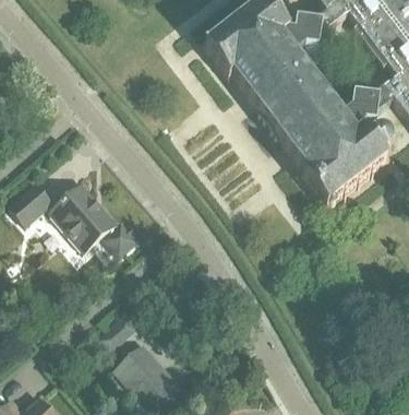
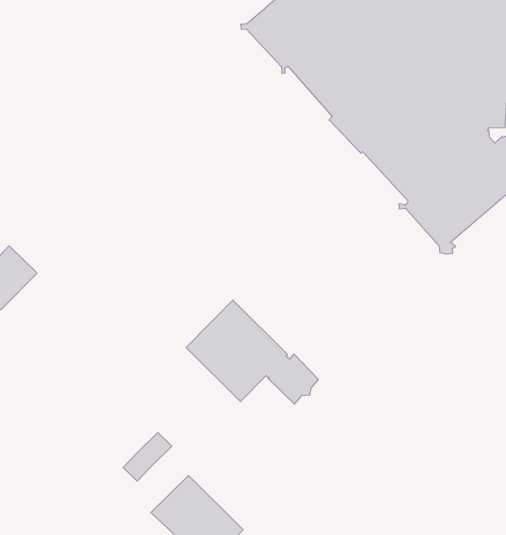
building: [48,182,135,256] -> [186,300,318,404]

